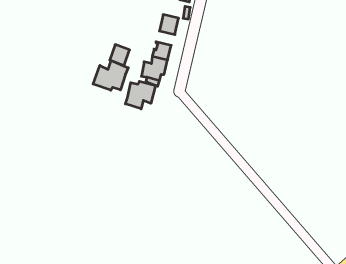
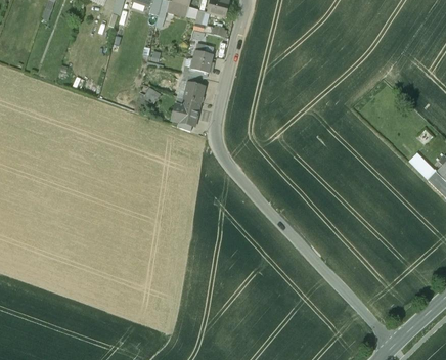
building: [93,61,128,90] -> none
building: [125,81,156,109] -> none

